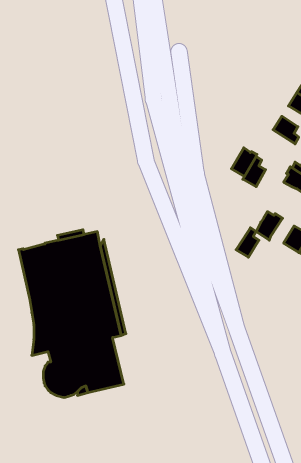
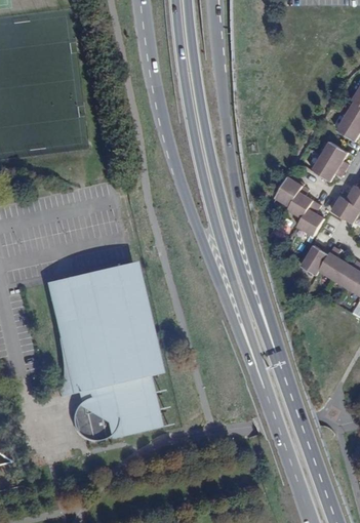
building: none -> [313,155,345,180]
building: none -> [297,198,325,234]
building: [236,228,259,257] -> [319,245,344,277]

